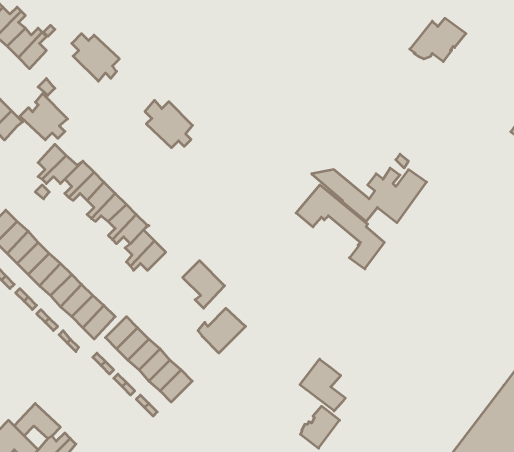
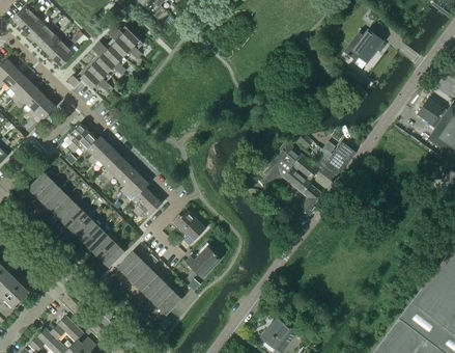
building: [20,94,68,140] -> [77,58,112,92]
building: [145,100,193,148] -> [108,25,143,60]
building: [300,359,345,411] -> none

